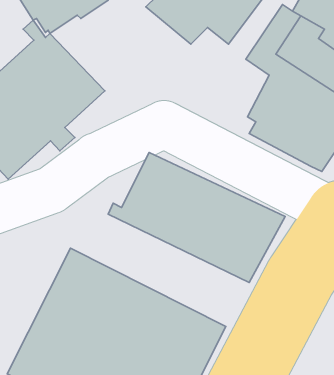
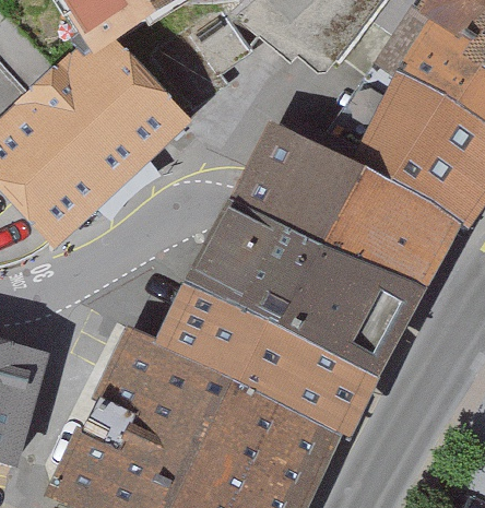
building: none -> [239,129,451,286]
building: none -> [137,272,370,430]

